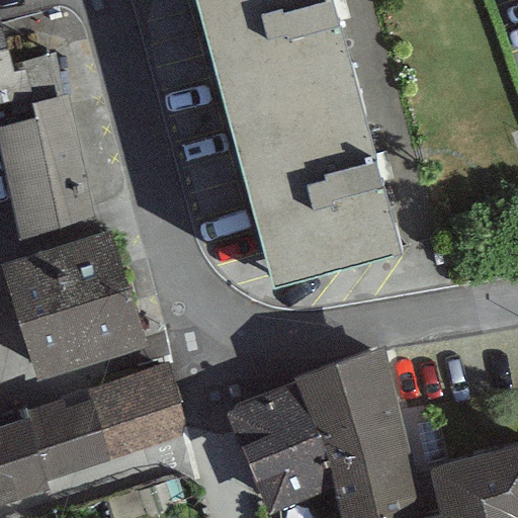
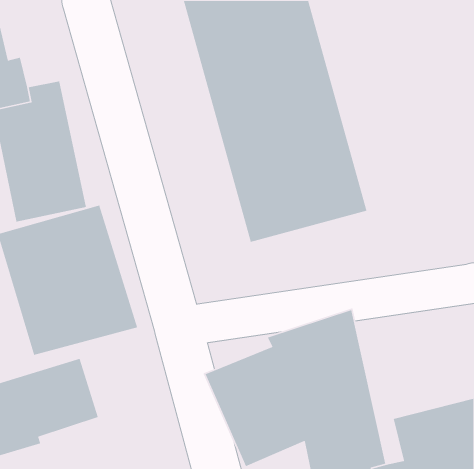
building: [86,367,180,461] -> none

